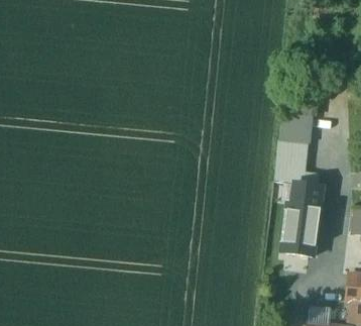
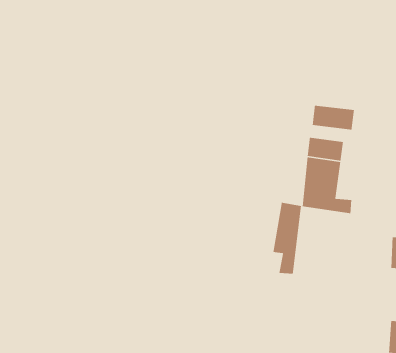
building: [293,197,318,256] -> [272,202,302,275]

